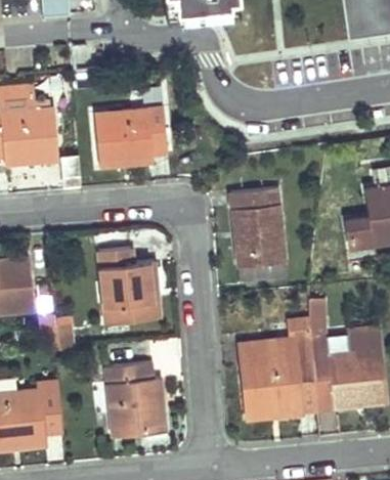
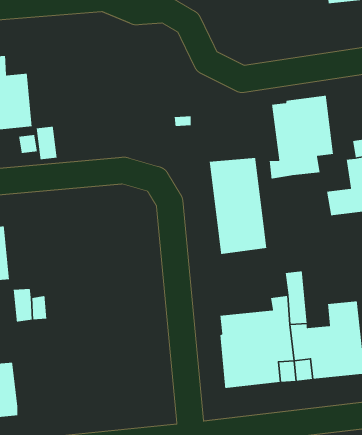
building: [93,107,168,167] -> none
building: none -> [269,95,334,179]
building: [99,248,159,322] -> none
building: [104,361,167,443] -> none
building: [37,383,61,434] -> none

